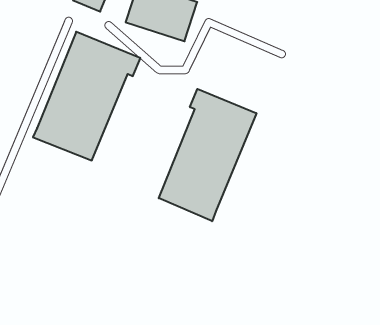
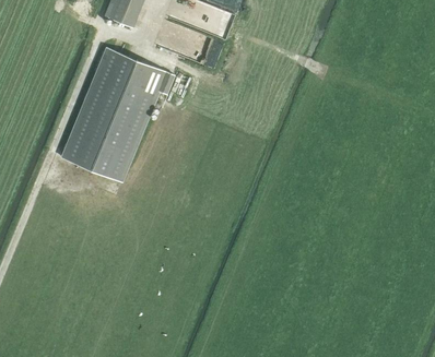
building: [159,89,256,221] -> none

